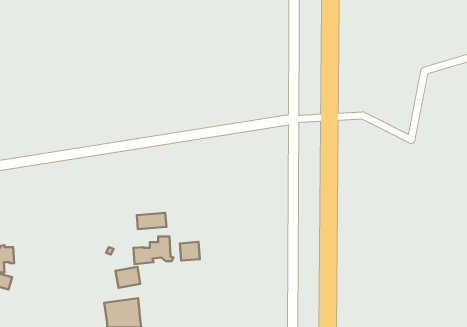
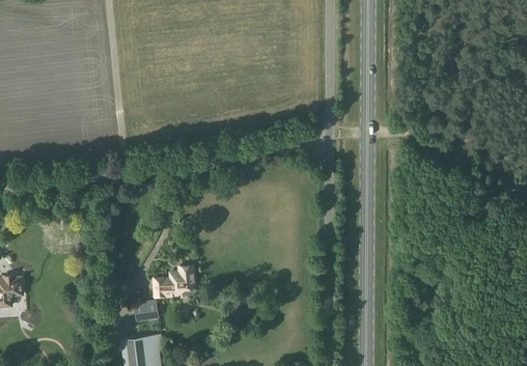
building: [137,213,166,229] -> none
building: [180,242,200,261] -> none

